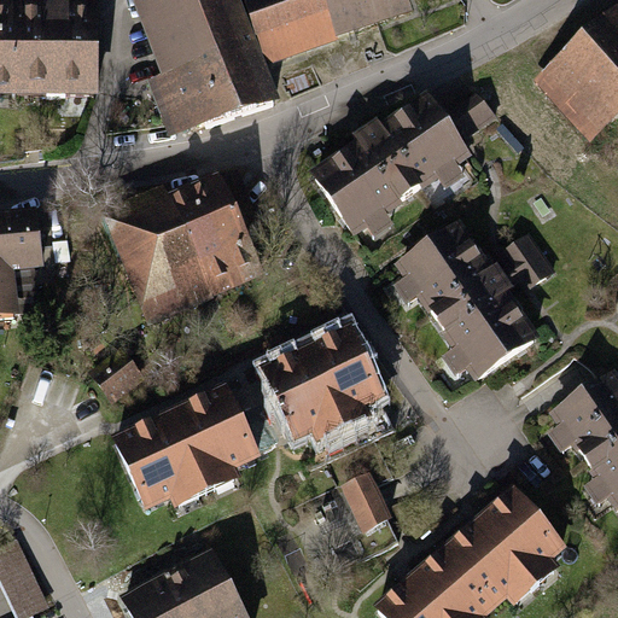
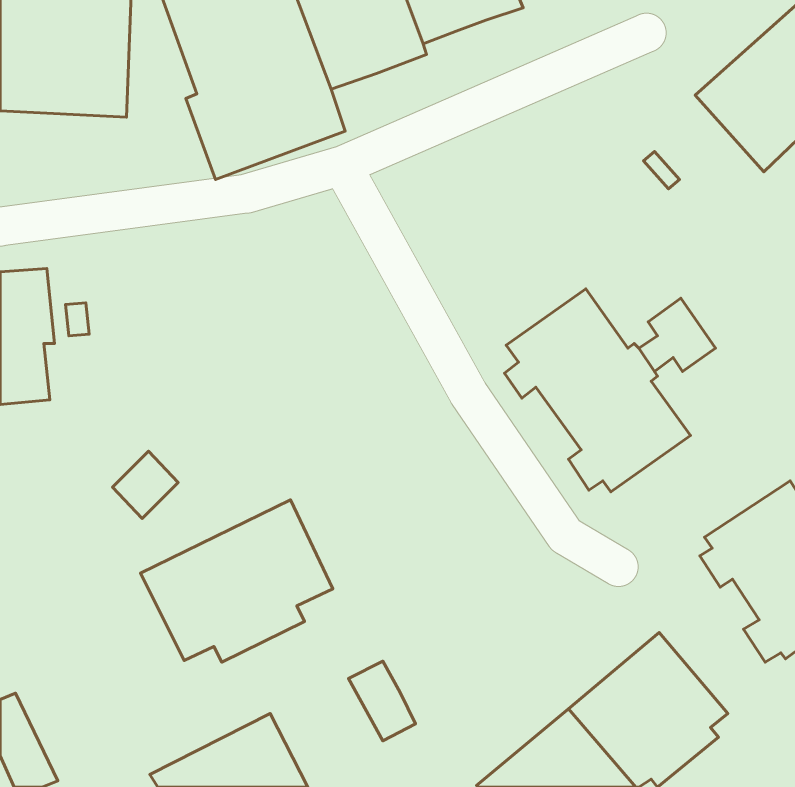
building: [305,88,494,234] -> none
building: [94,164,255,322] -> none
building: [258,331,384,445] -> none
building: [343,465,395,526] -> [348,661,416,741]

